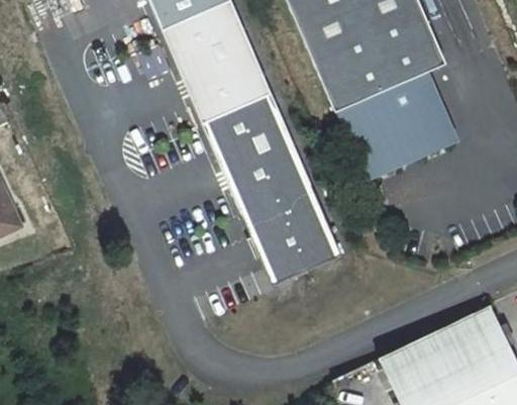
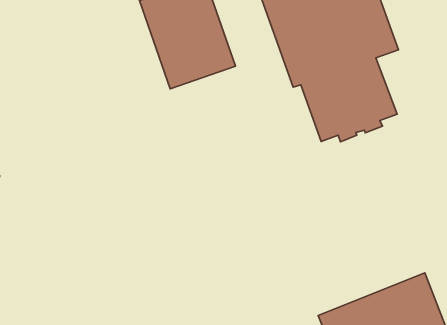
building: [201,93,339,285] -> none

